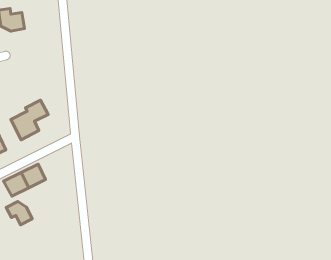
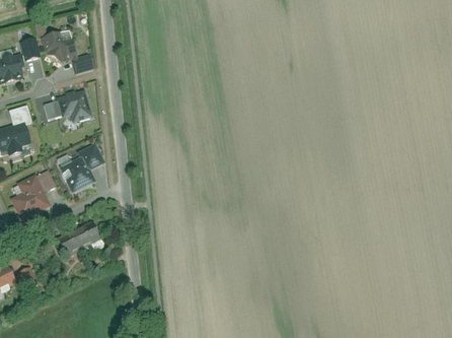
building: none -> [52,89,88,122]
building: [6,202,32,225] -> none

